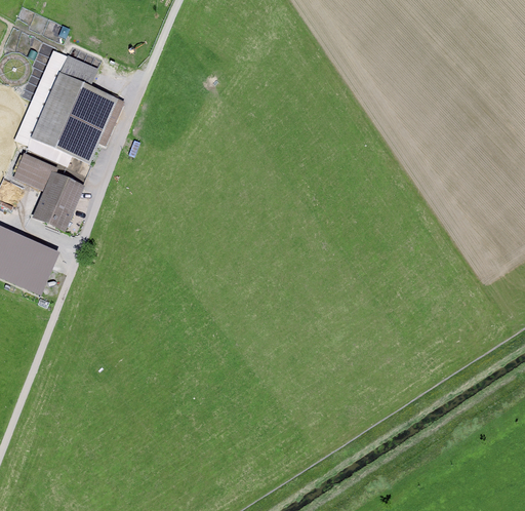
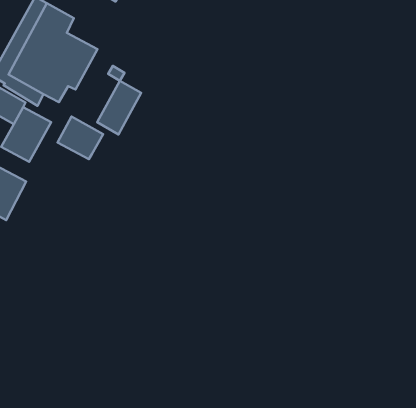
building: none -> [97,81,141,134]
building: none -> [58,116,103,159]

